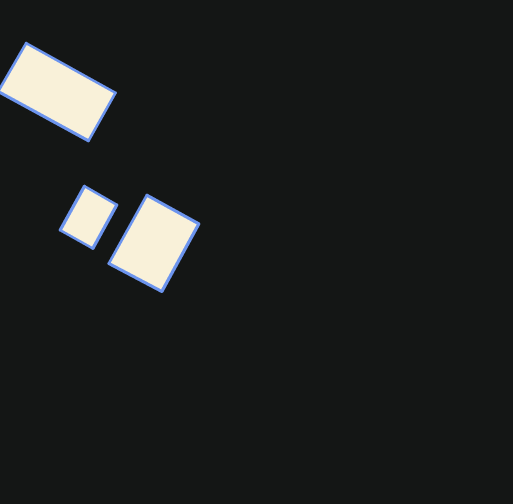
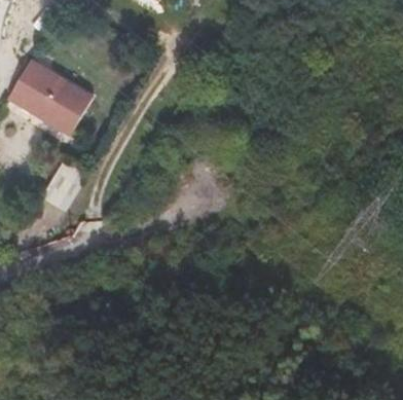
building: [109,195,199,292] -> none

